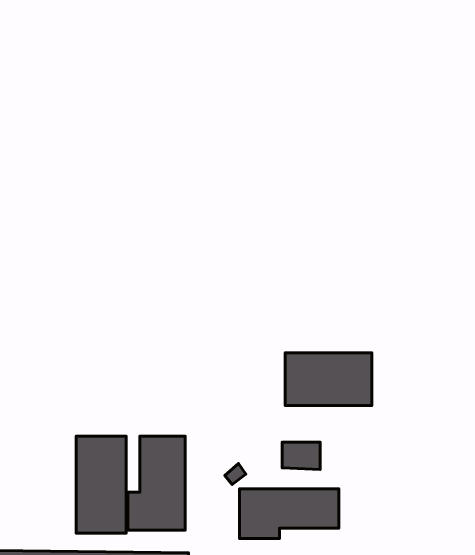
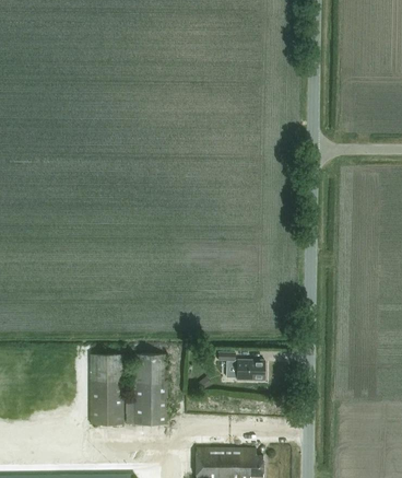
building: [285,353,372,405] -> none
building: [240,489,339,539] -> none

